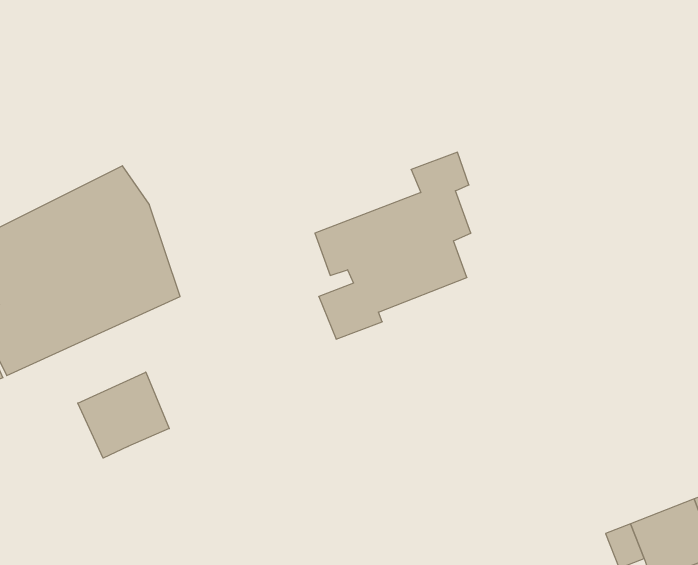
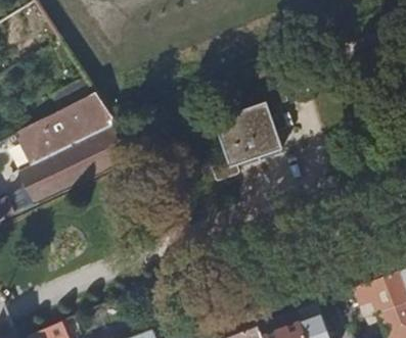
building: [78,372,169,458] -> none

